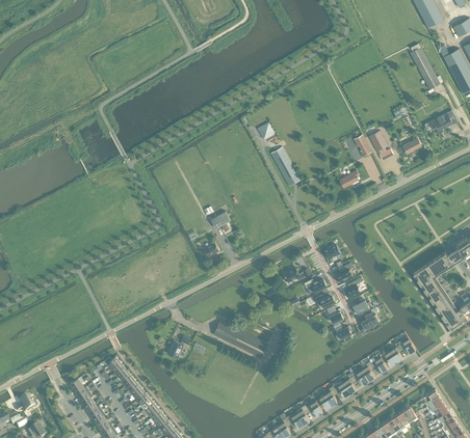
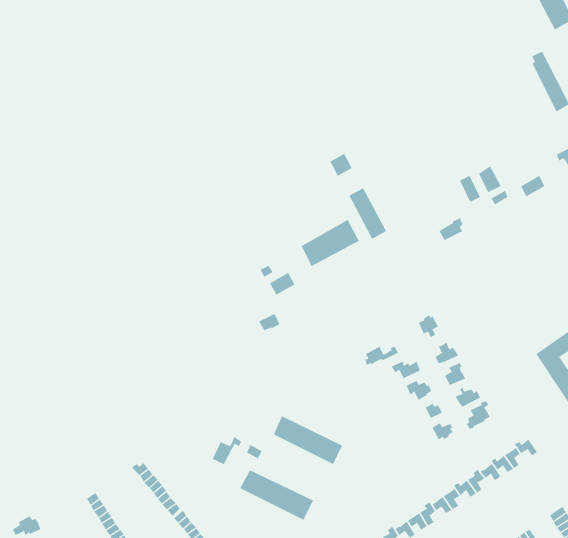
building: none -> [301,219,359,267]
building: none -> [239,470,314,520]

